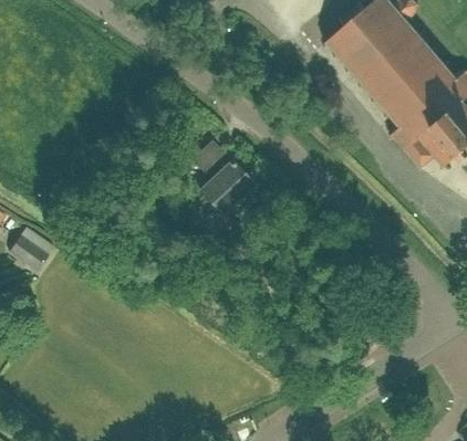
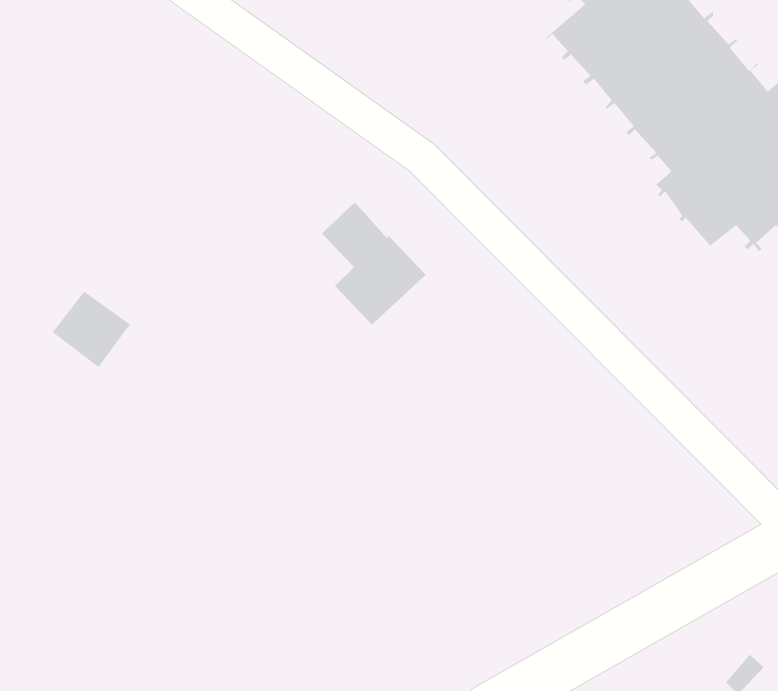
building: [9,228,55,273] -> [52,291,131,368]

